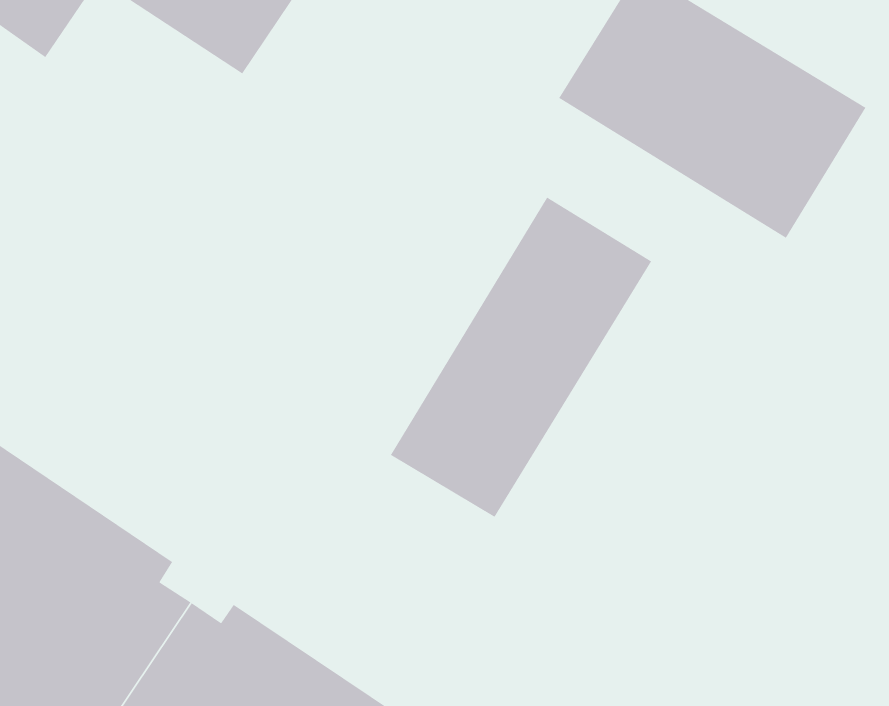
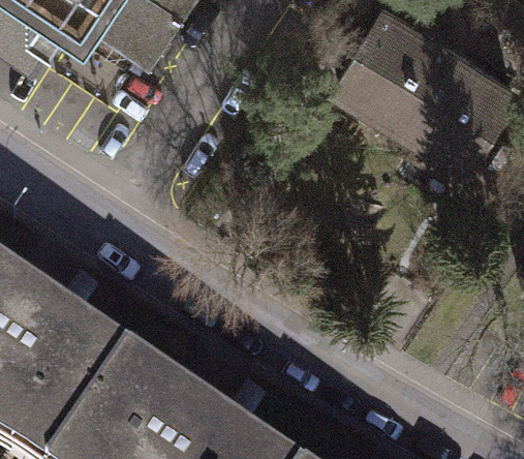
building: [390,197,652,518] -> none

